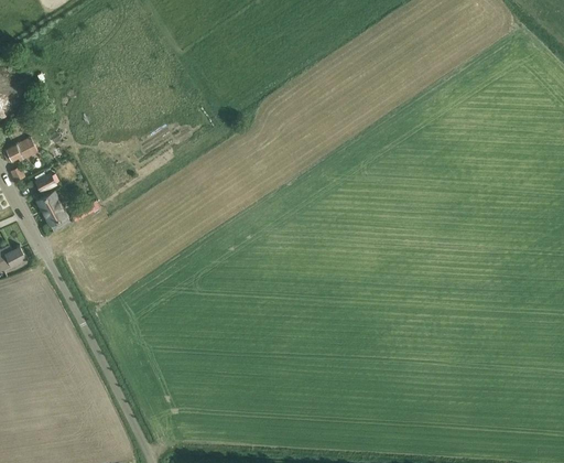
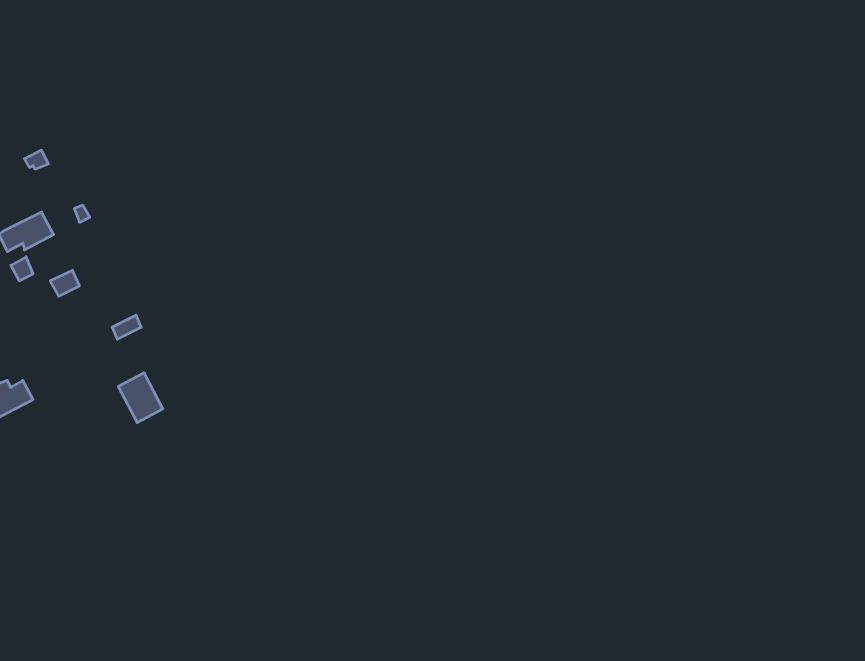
building: [36,192,65,224] -> [118,373,163,423]

